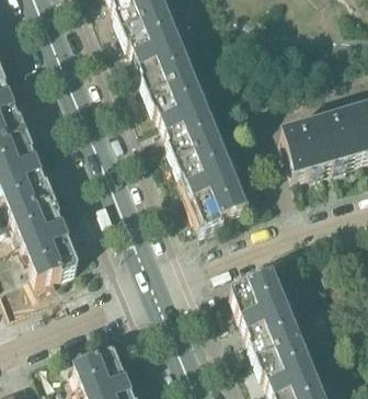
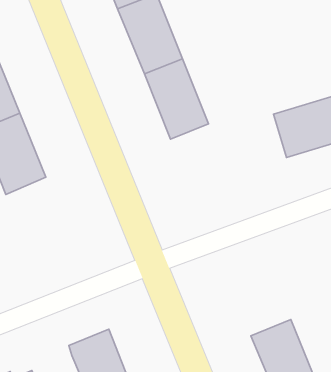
building: [180,145,244,226] -> none
building: [13,198,81,282] -> none
building: [233,275,301,358] -> none

